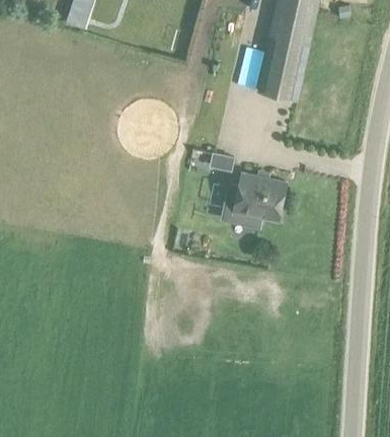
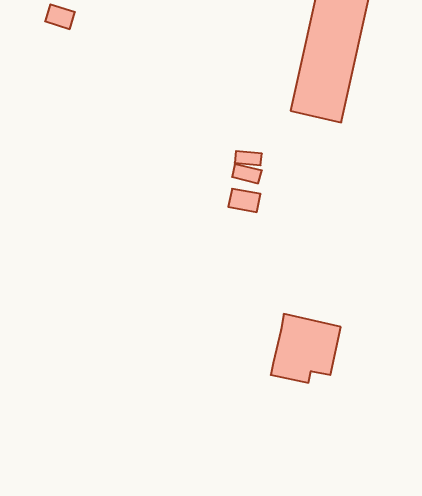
building: [231,173,286,227] -> [271,314,341,383]

